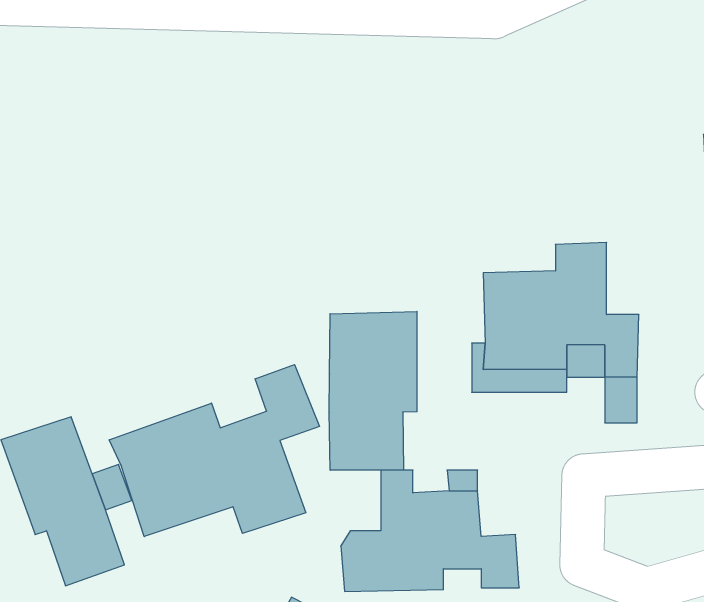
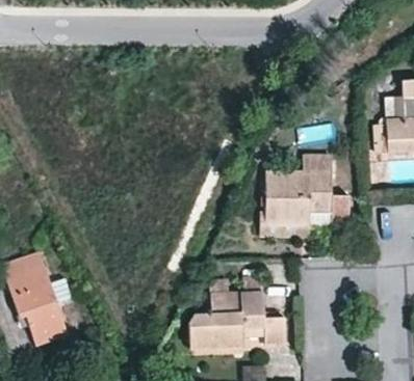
building: [329,311,417,470] -> none
building: [109,365,319,537] -> none

